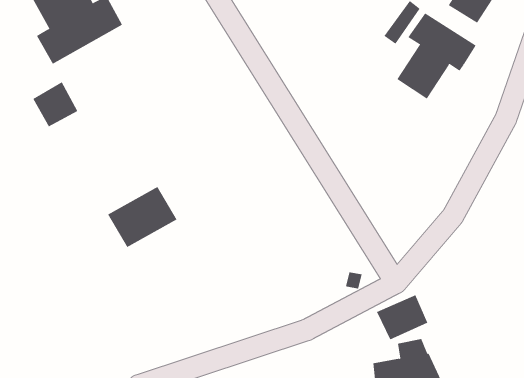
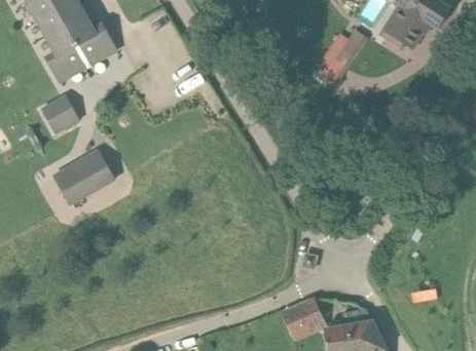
building: [397,12,477,100] -> none
building: [107,186,177,248] -> [57,152,115,203]
building: [376,294,428,340] -> [283,299,326,337]

